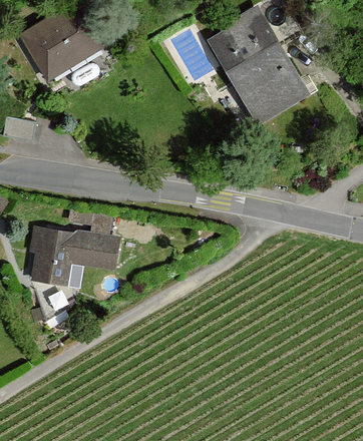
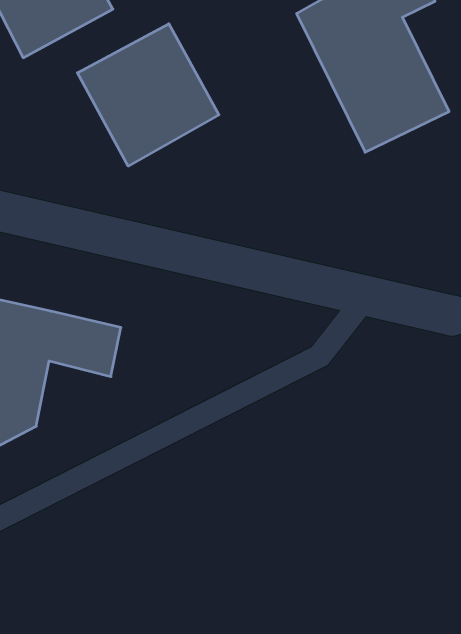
building: none -> [77,24,219,166]

